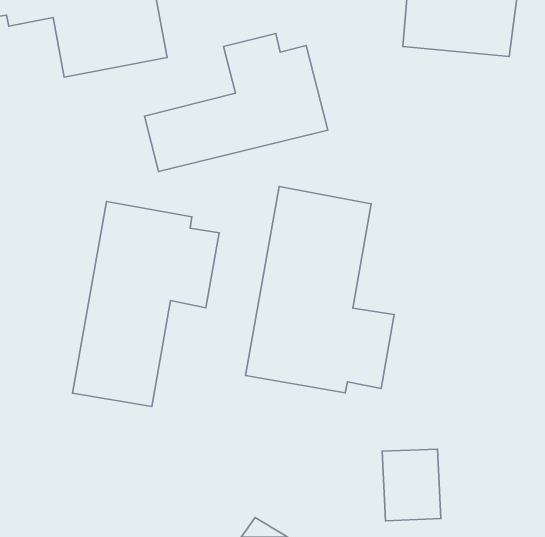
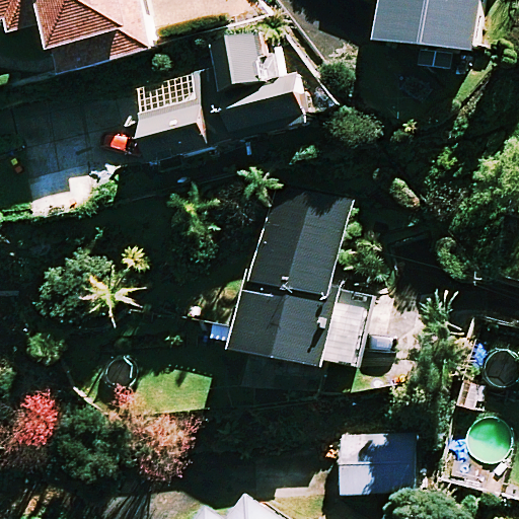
building: [72,201,219,406] -> none

